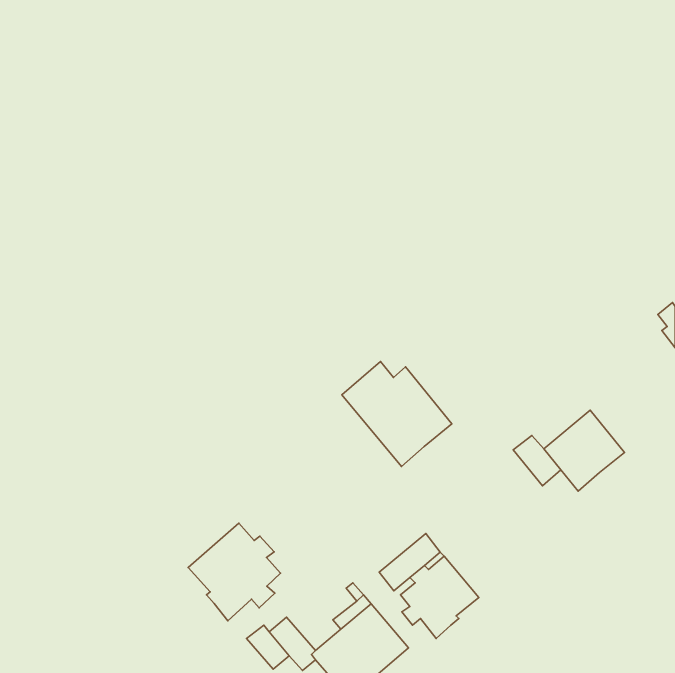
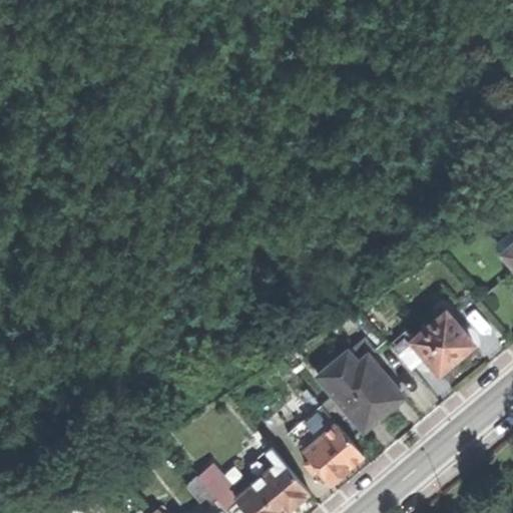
building: [342,362,452,466] -> [318,352,401,431]
building: [188,523,281,621] -> none

